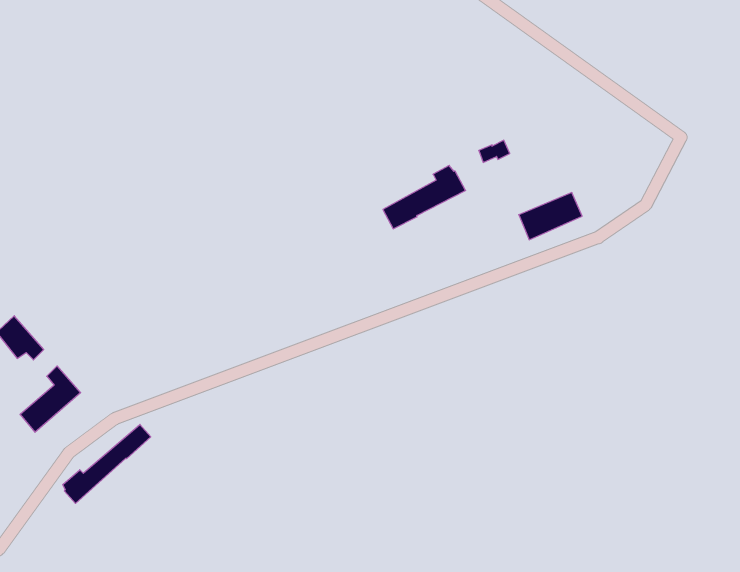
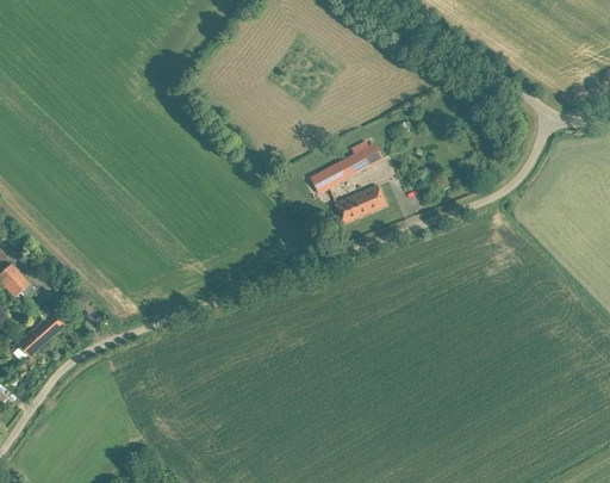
building: [519,193,582,240] -> [335,185,386,223]
building: [63,424,151,503] -> none

